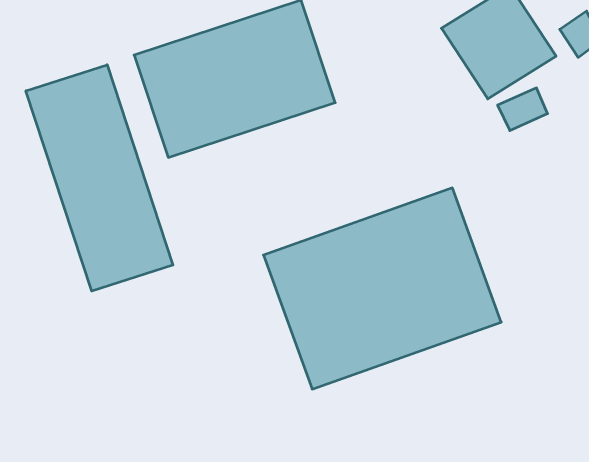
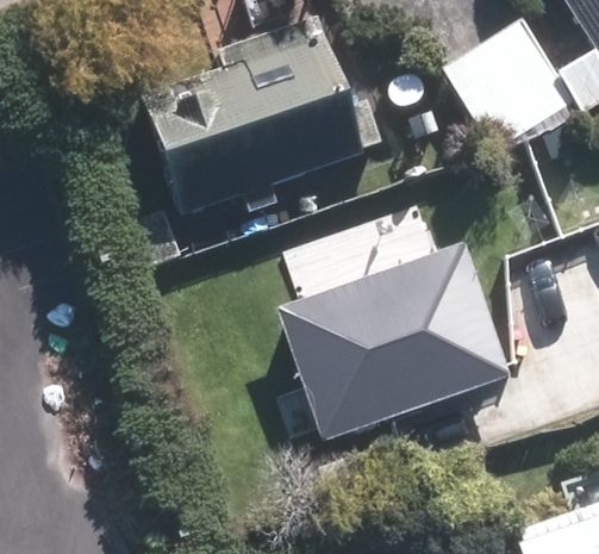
building: [26,65,173,291] -> none

